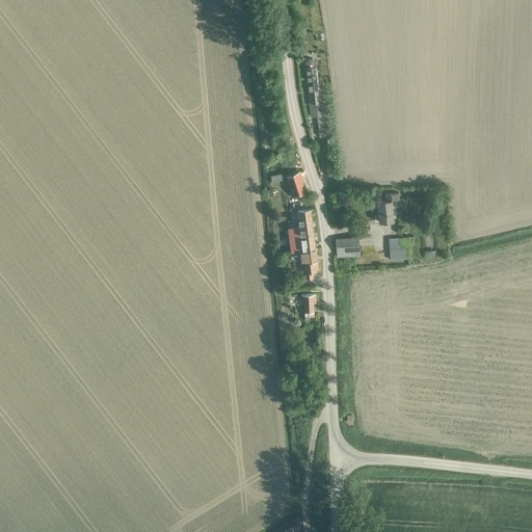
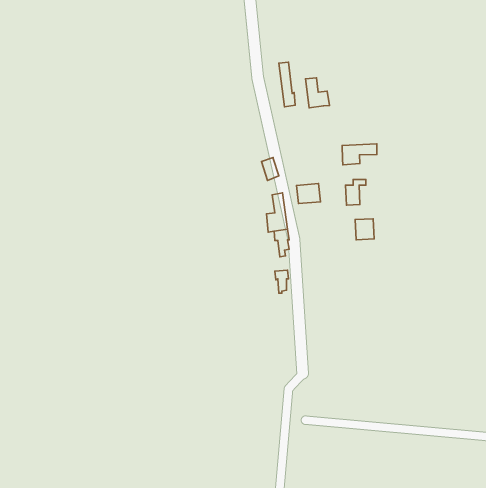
building: none -> [306,78,329,108]
building: none -> [342,144,377,165]
building: [332,236,358,258] -> [296,184,320,204]

